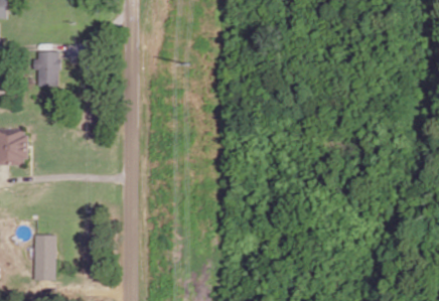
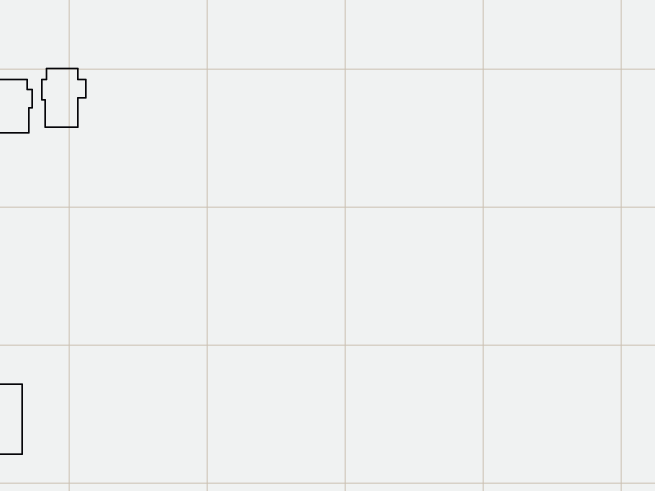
building: none -> [42,69,86,127]

